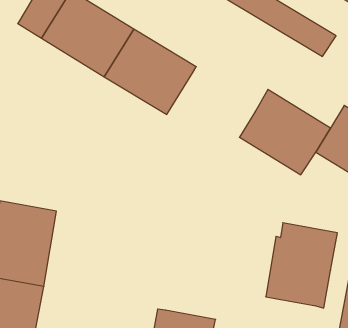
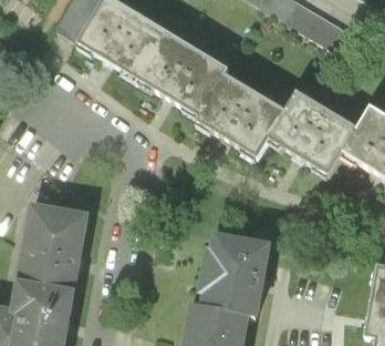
building: none -> [197,77,285,160]
building: [266,223,337,308] -> [198,236,268,319]

